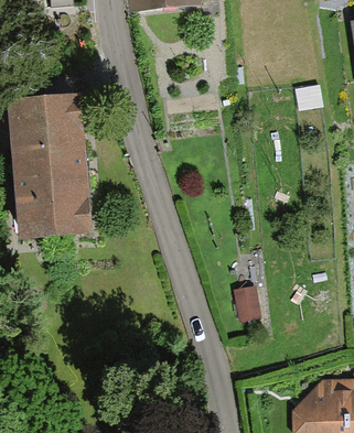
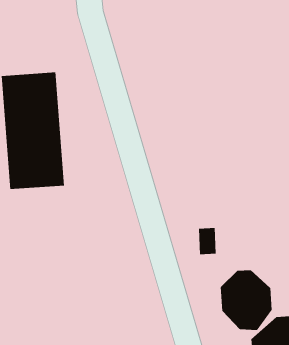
building: none -> [220,270,272,331]

